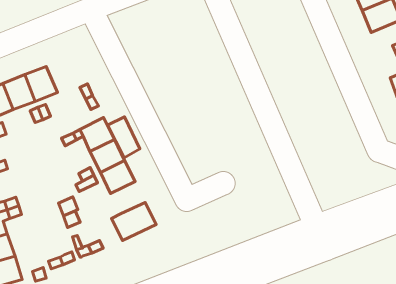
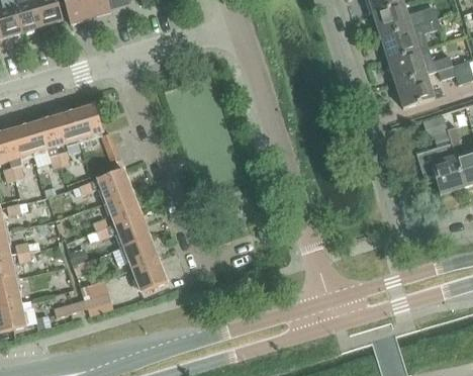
building: none -> [70,104,102,138]
building: [107,117,140,158] -> none
building: none -> [123,236,158,267]

